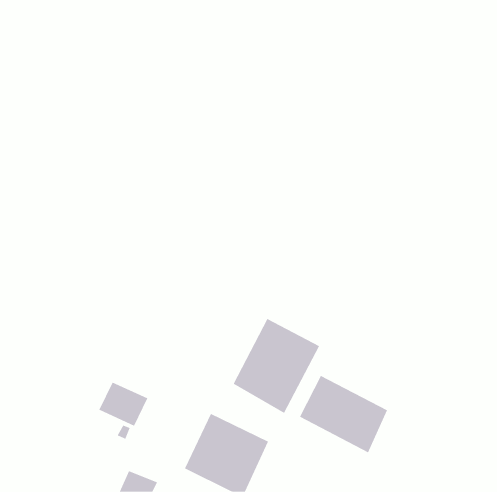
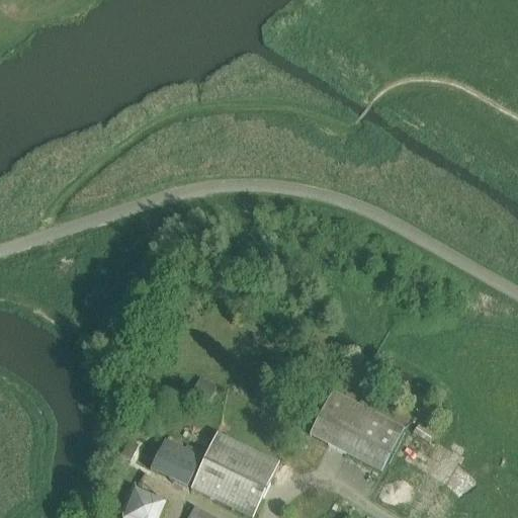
building: [233,318,320,414] -> none
building: [98,382,148,426] -> [150,437,201,484]

